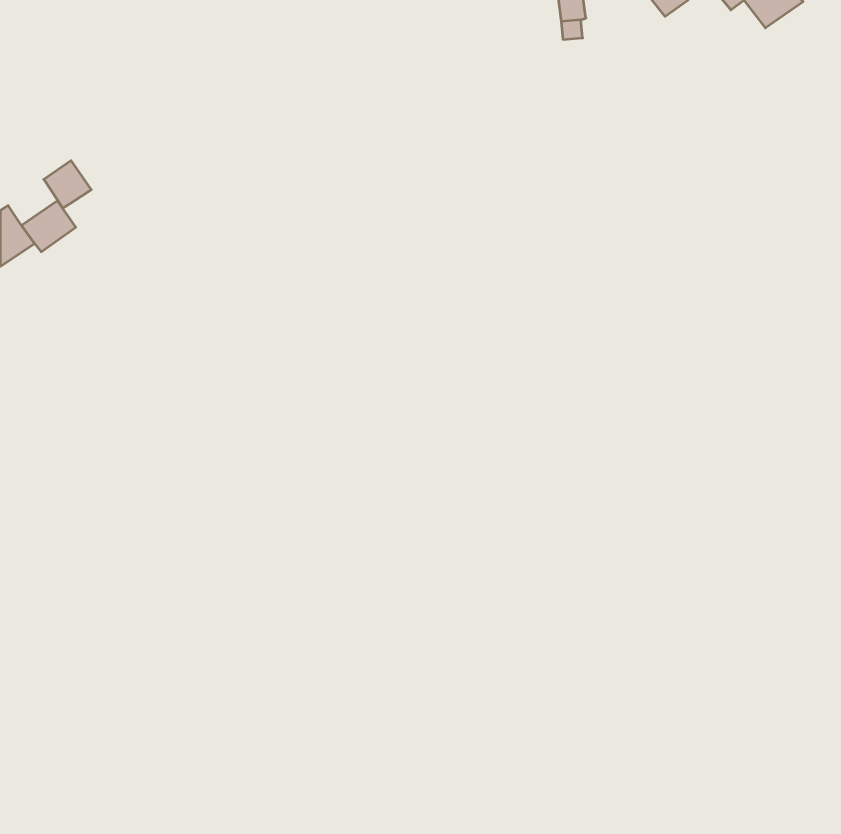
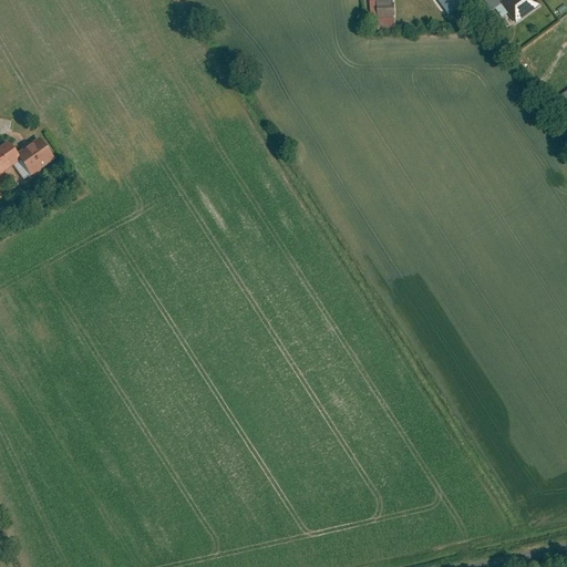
building: [44,161,91,208] -> none

